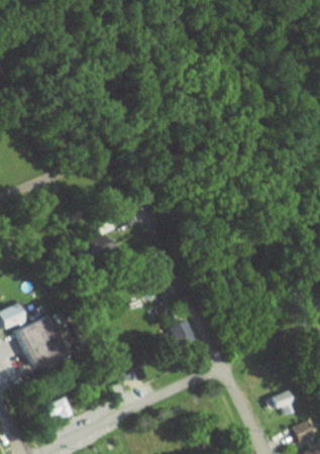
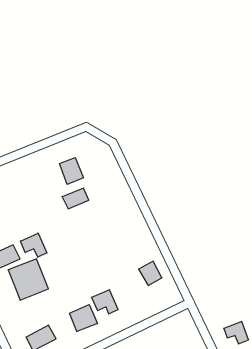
building: none -> [59,158,83,184]
building: none -> [20,233,47,257]
building: none -> [69,305,97,332]

